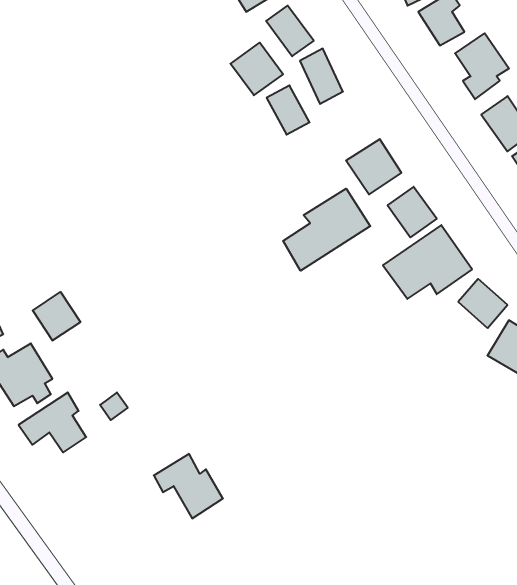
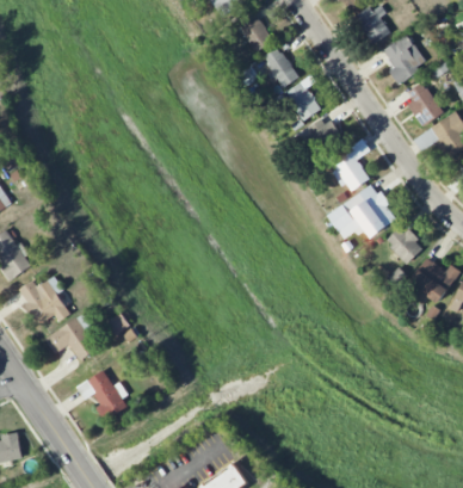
building: [230,43,283,95] -> none
building: [267,85,310,135] -> [285,82,319,121]
building: [283,189,370,271] -> none
building: [33,292,80,341] -> none
building: [154,454,223,518] -> [76,371,130,421]

